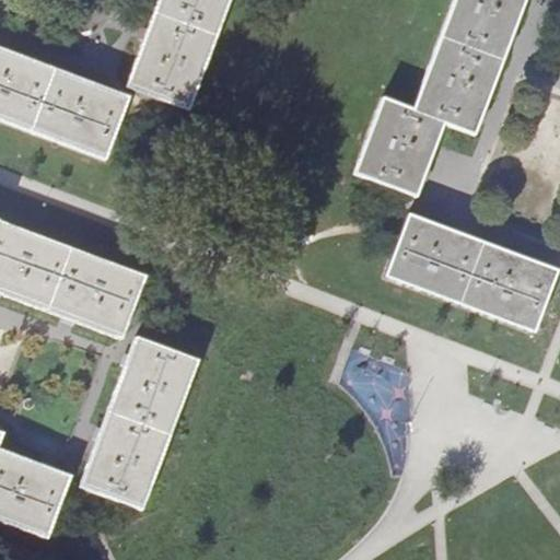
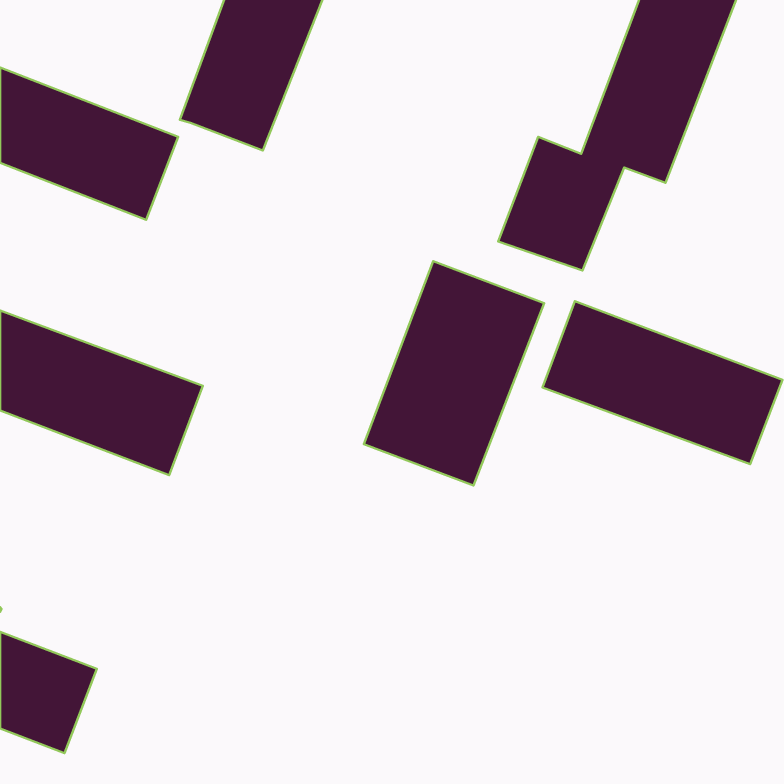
building: none -> [364,261,544,485]
building: [82,340,197,508] -> none

